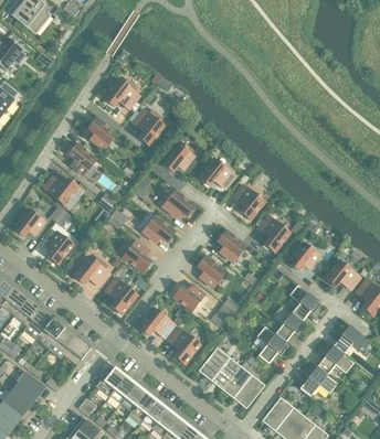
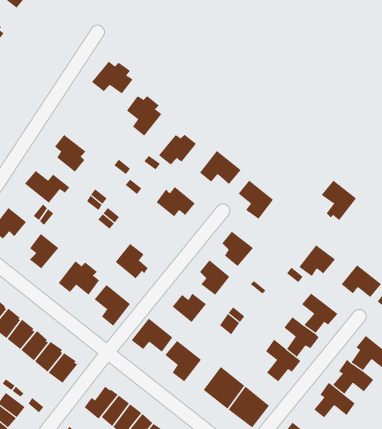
building: [87,117,116,149] -> none
building: [142,215,175,244] -> none
building: [257,215,289,251] -> [321,180,357,221]

